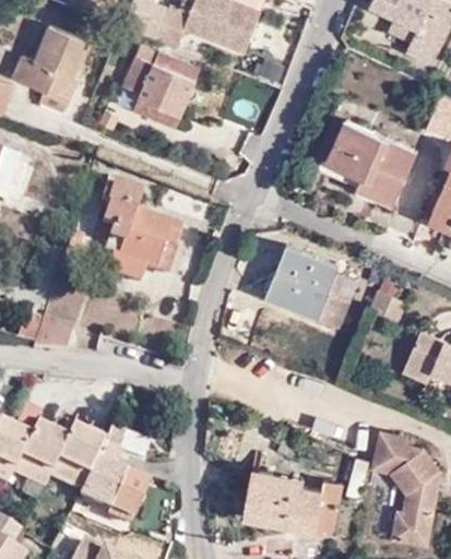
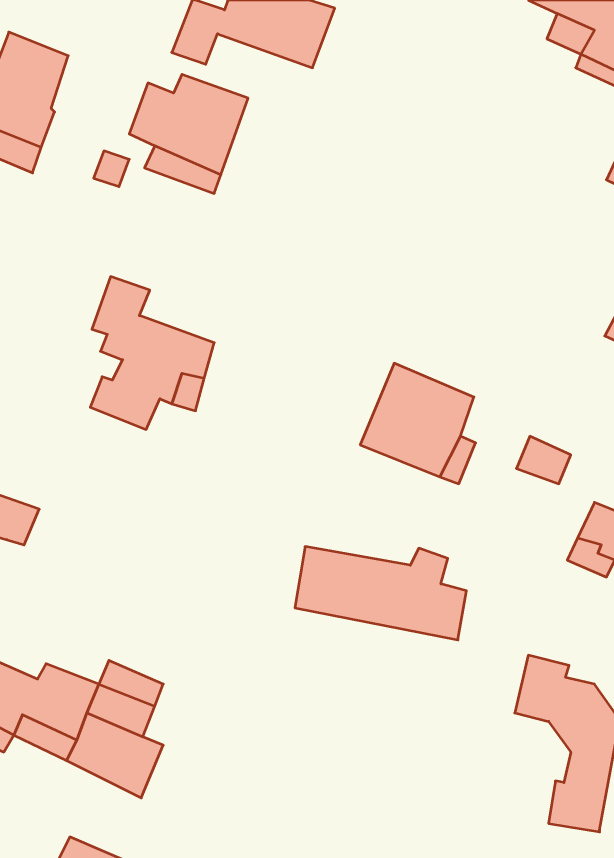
building: [328,117,422,203] -> none
building: [245,477,355,537] -> [295,547,466,640]

